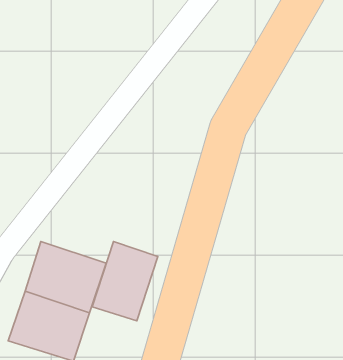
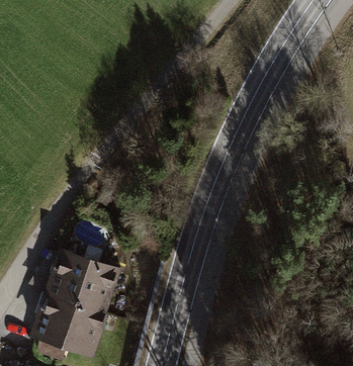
building: [92,241,158,321] -> none

